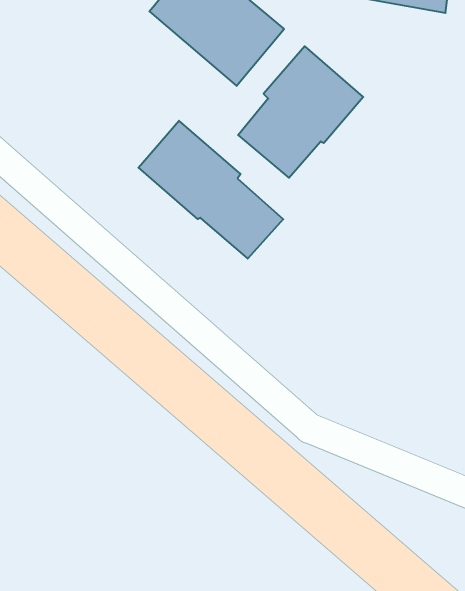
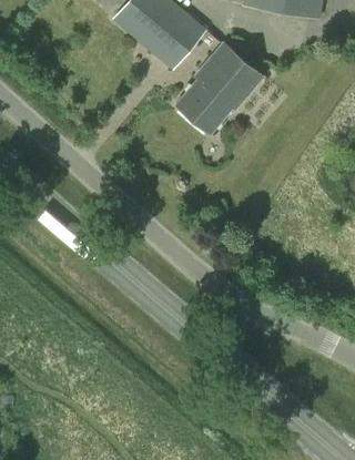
building: [138,121,283,259] -> none

